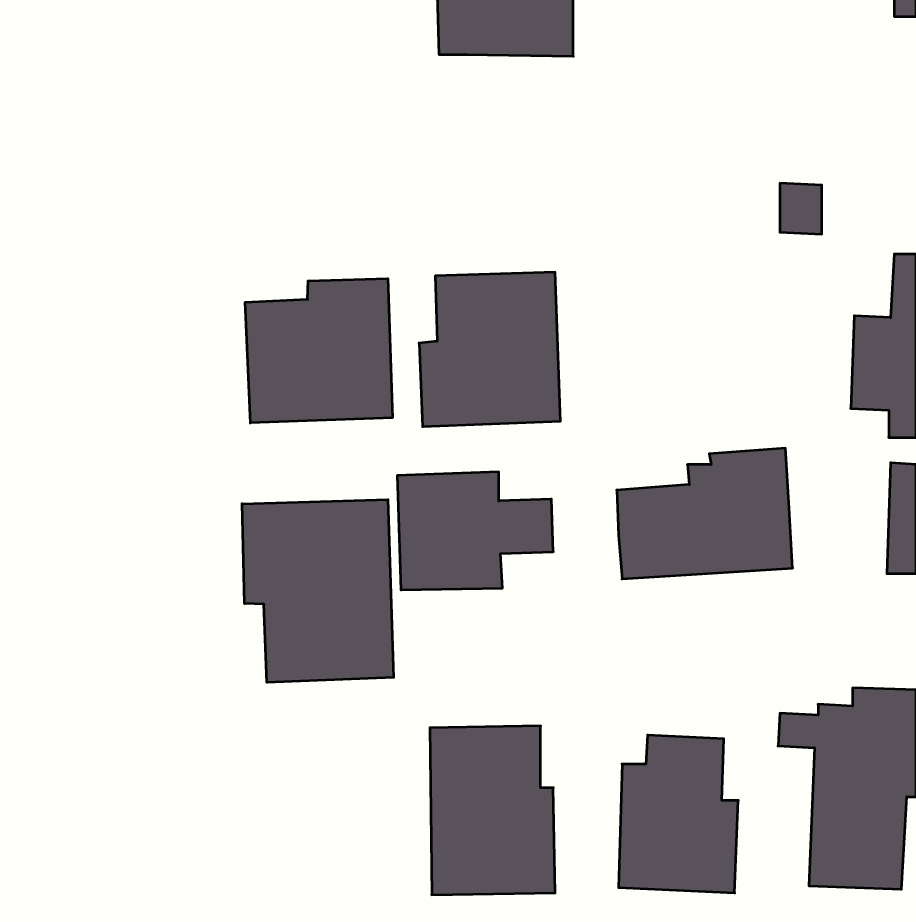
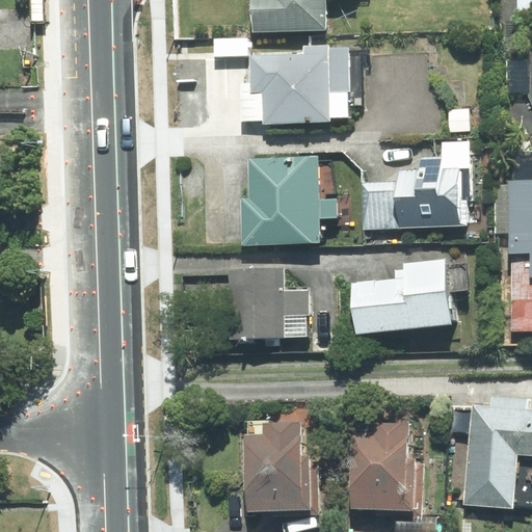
building: none -> [240,44,350,123]
building: none -> [361,155,469,233]
building: [245,279,392,423] -> none
building: [242,500,394,682] -> none

